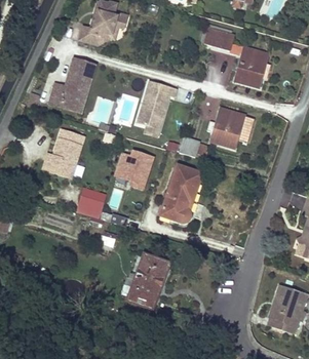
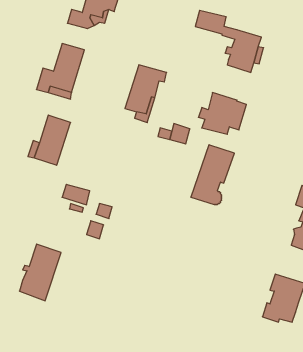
building: [114,150,152,190] -> none
building: [160,164,202,222] -> [191,145,234,204]
building: [128,253,168,308] -> [19,244,61,301]

